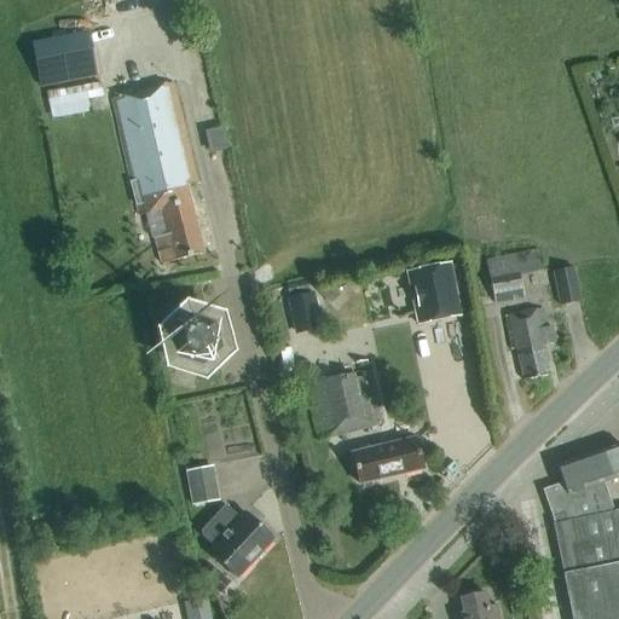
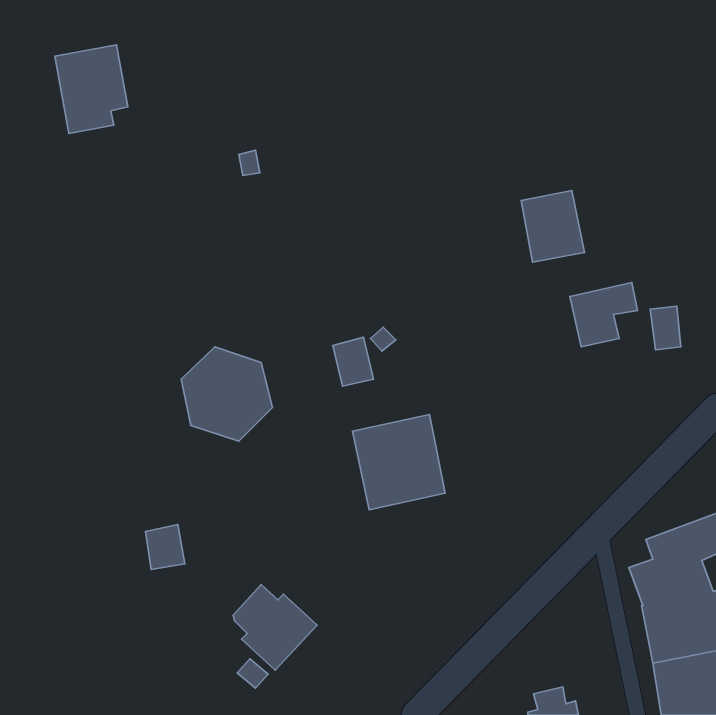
building: [114,83,204,262] -> none
building: [407,261,462,323] -> [521,191,584,262]
building: [505,307,555,380] -> none
building: [352,438,423,484] -> none
building: [186,464,220,503] -> [146,525,185,570]

